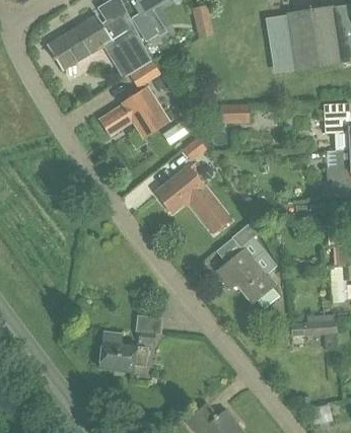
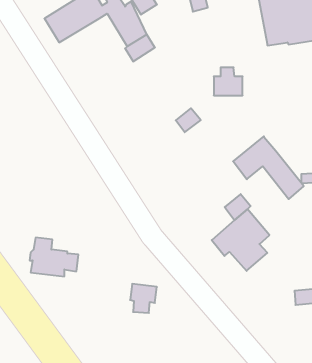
building: [99,87,168,138] -> none
building: [156,167,228,231] -> [233,136,304,199]
building: [98,331,148,370] -> [30,238,78,276]

